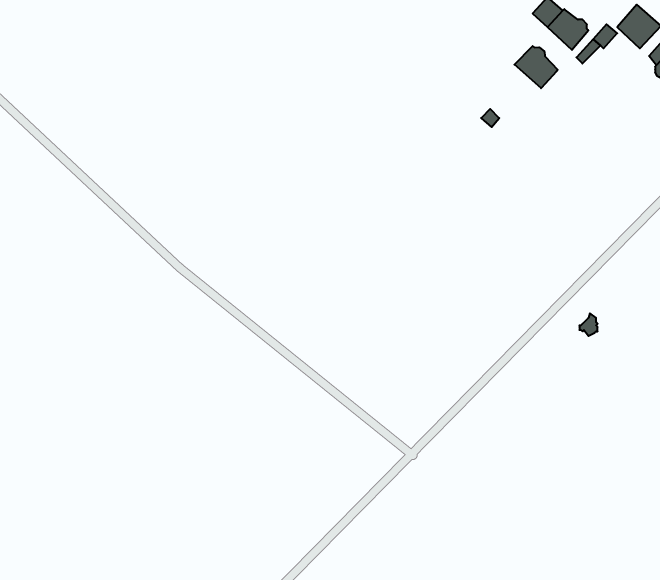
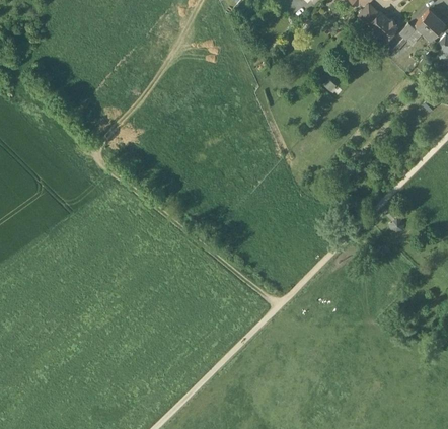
building: [514,46,558,88] -> none

